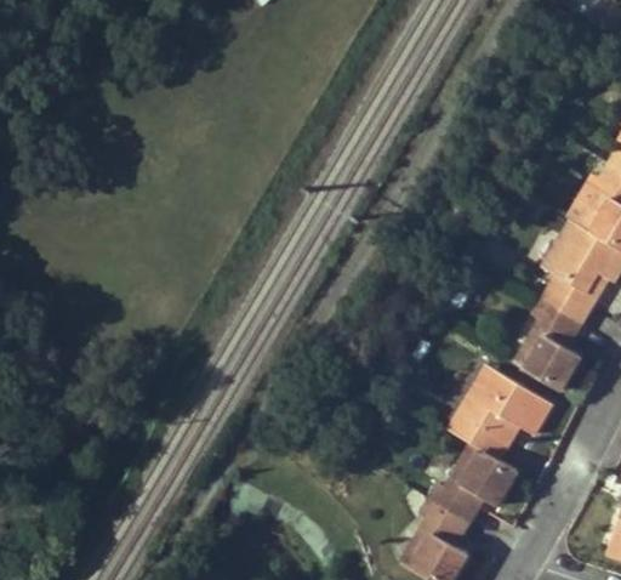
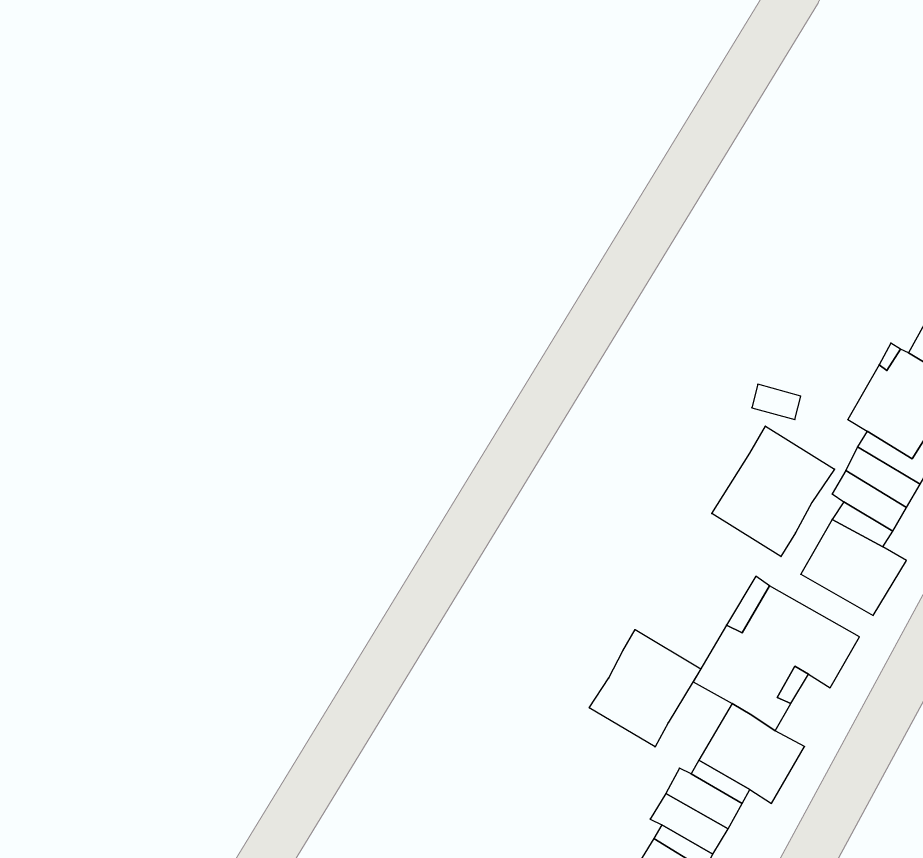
building: none -> [712,426,835,557]
building: none -> [589,630,701,747]

